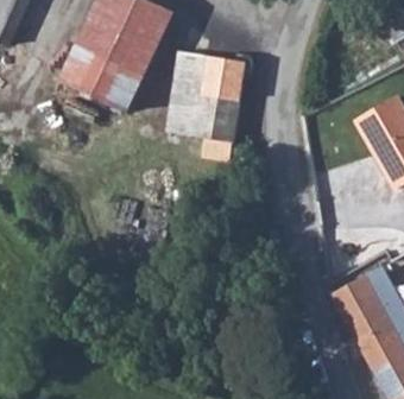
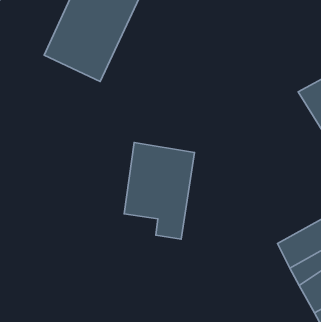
building: [162,50,244,163] -> [124,142,194,239]

